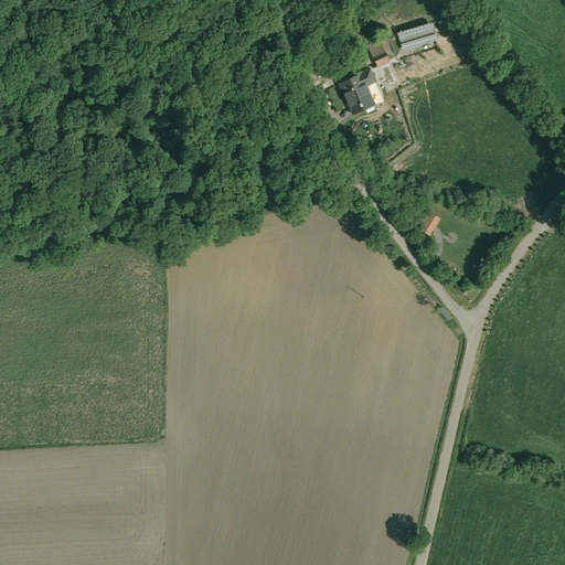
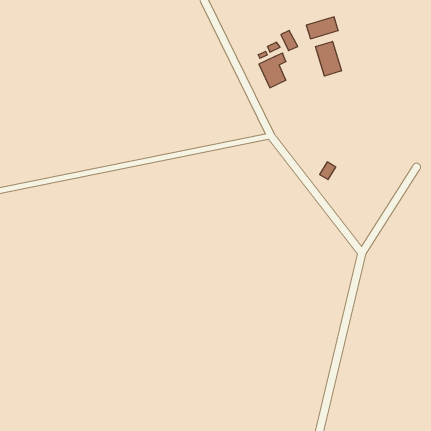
building: none -> [315,41,341,76]

